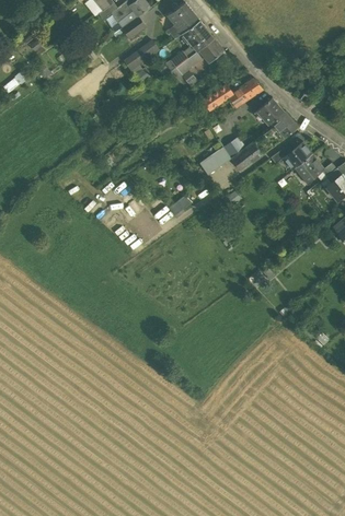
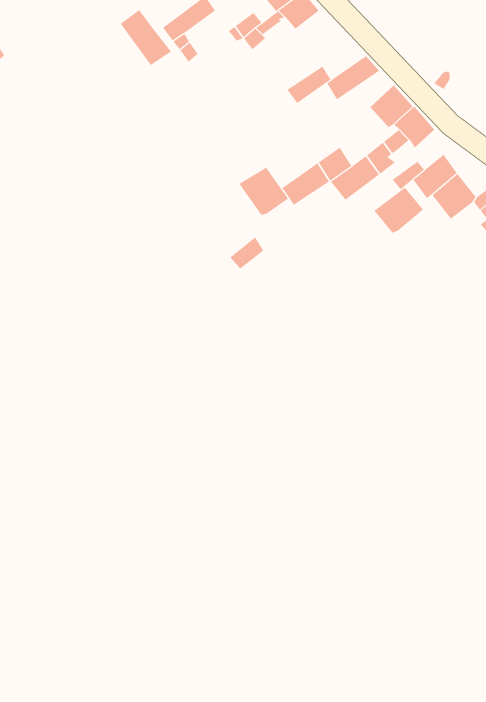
building: none -> [120,9,172,66]
building: none -> [239,167,289,215]
building: none -> [374,187,424,234]

